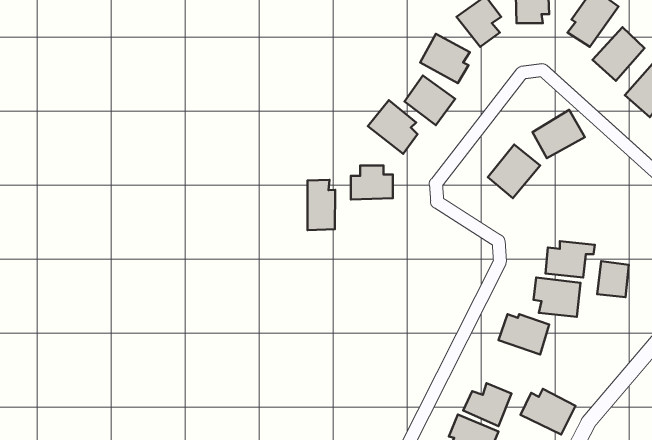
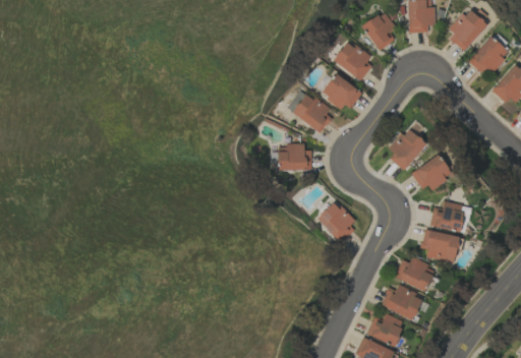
building: [533,110,585,158] -> [411,155,452,192]
building: [307,180,335,230] -> none
building: none -> [316,201,357,242]
building: [597,261,629,297] -> none
building: [521,389,575,434] -> [381,285,423,320]

